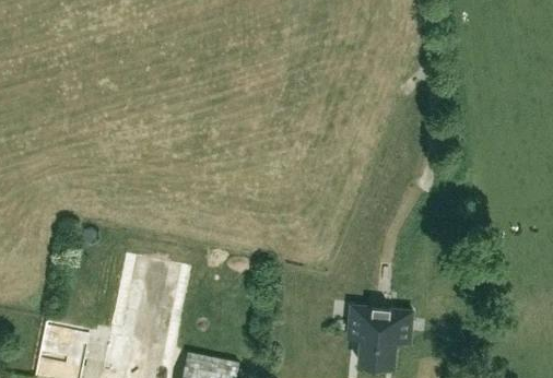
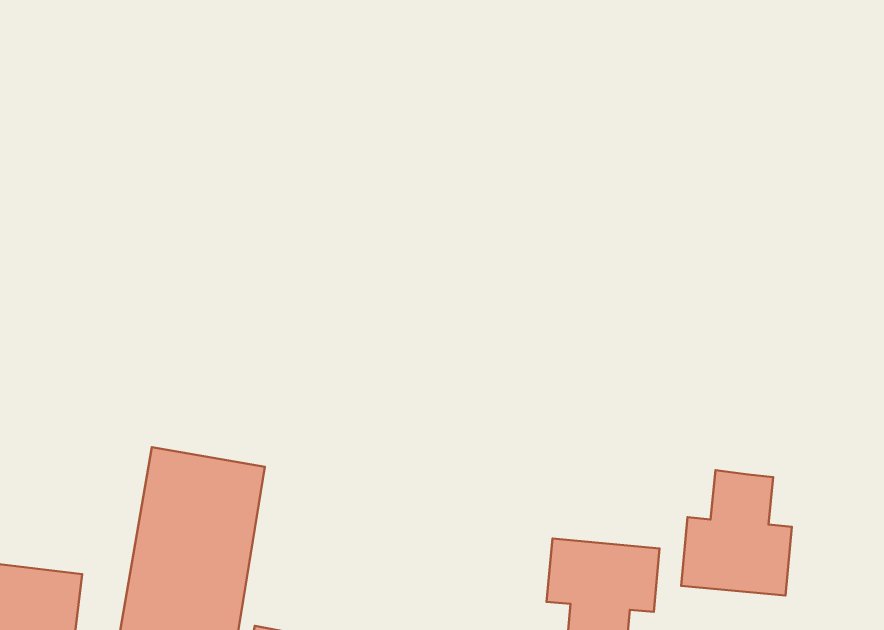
building: none -> [681,470,792,596]

